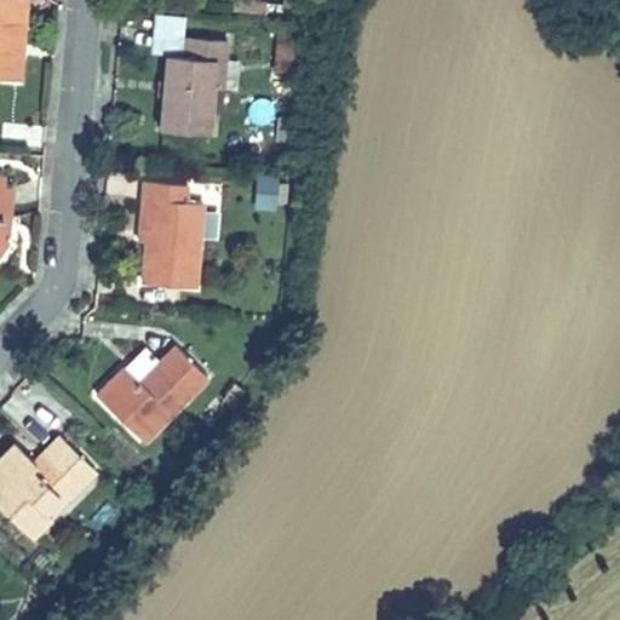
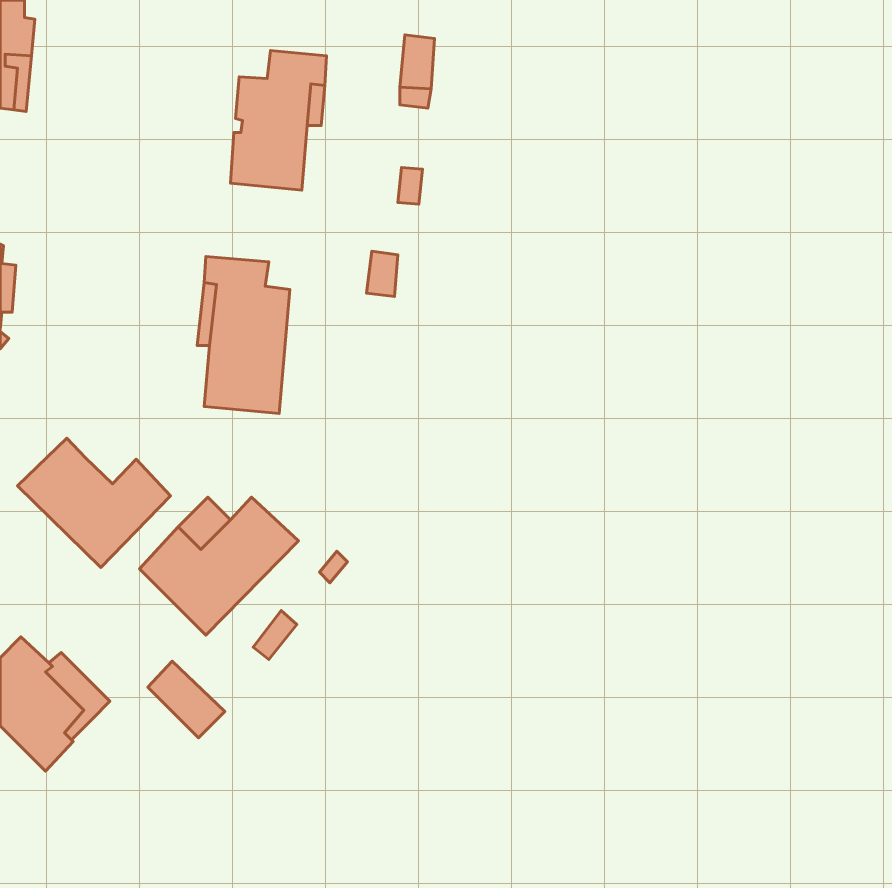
building: [150,15,188,57] -> none
building: none -> [18,438,171,568]
building: [42,437,96,490] -> [148,661,225,738]

